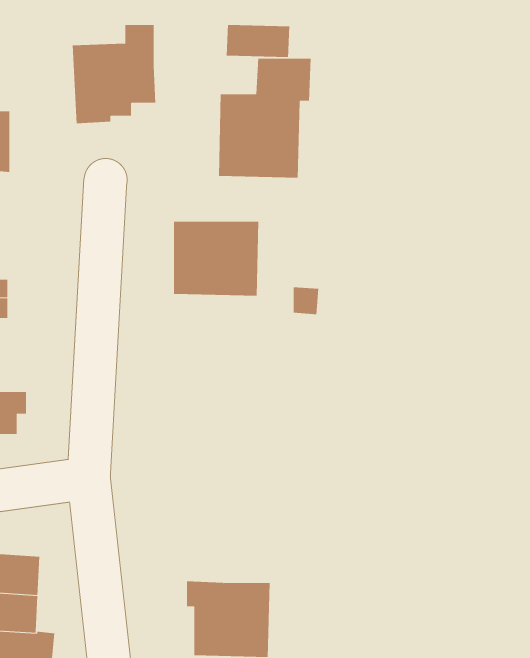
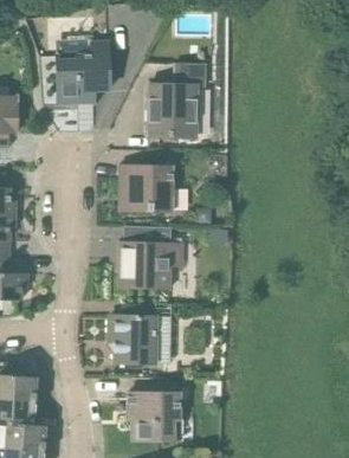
building: [226,24,290,58] -> none
building: none -> [117,240,183,289]
building: none -> [109,315,157,363]

